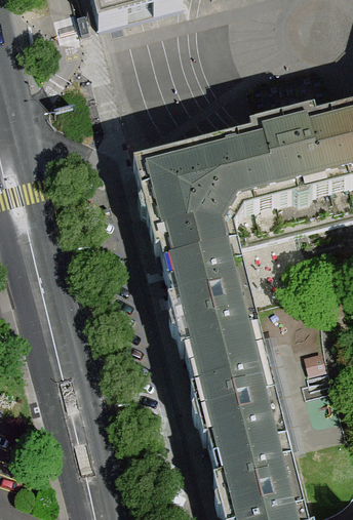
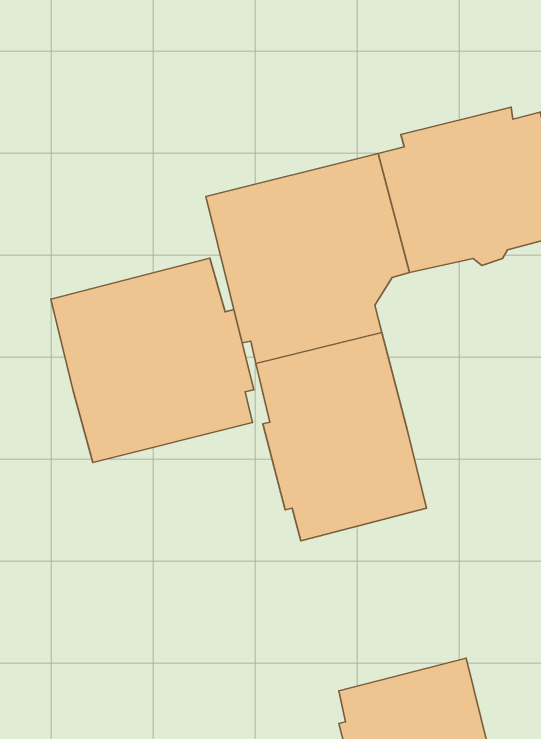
building: none -> [51,258,254,462]
building: [189,352,287,461] -> none

